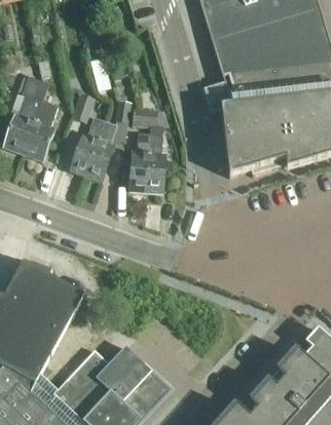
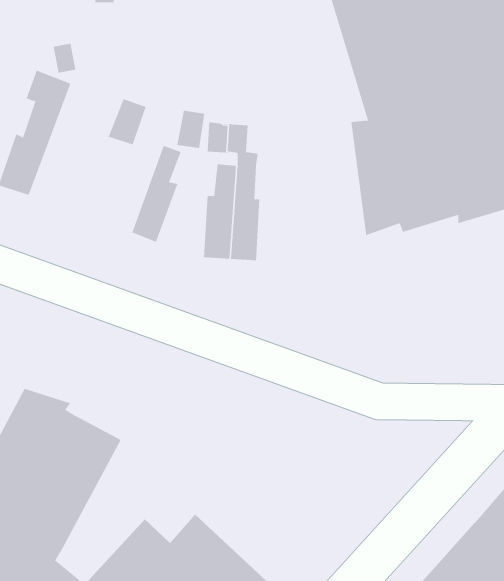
building: [23,98,58,157] -> none
building: [70,115,105,172] -> none

